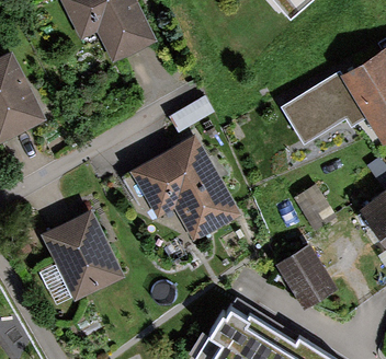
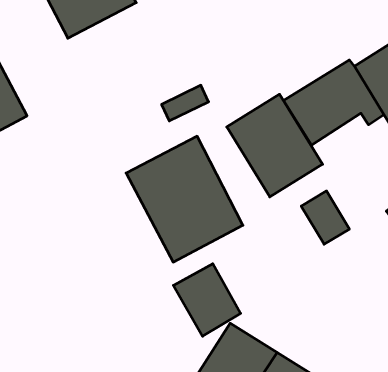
building: none -> [227,94,323,197]
building: [38,207,123,300] -> none
building: [274,243,332,305] -> [173,264,241,336]

